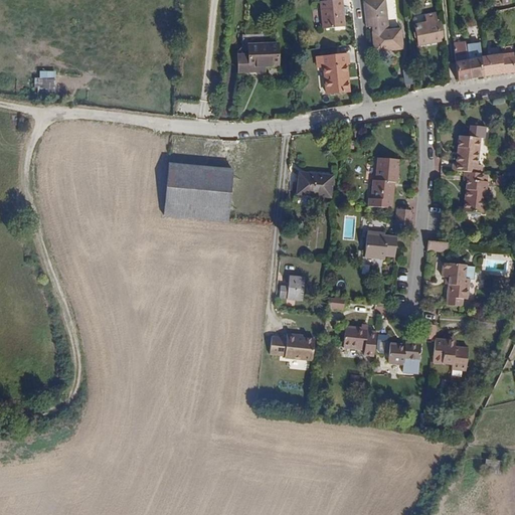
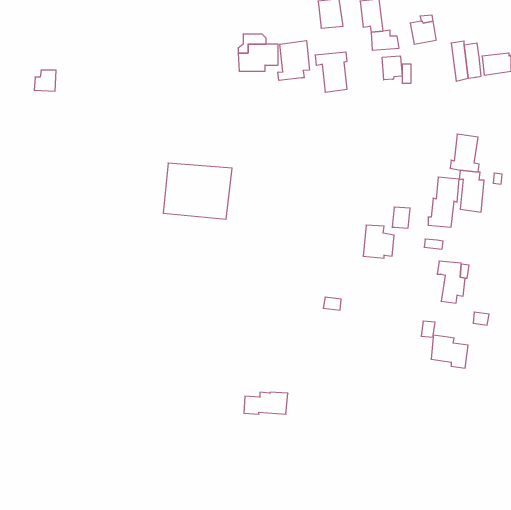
building: none -> [278,41,309,80]
building: none -> [382,56,402,80]
building: [368,157,399,207] -> [428,177,459,227]
building: [297,173,333,197] -> none
building: [279,277,305,300] -> none
building: [343,325,375,356] -> none
building: [271,332,315,354] -> [244,392,288,414]
building: [388,341,420,372] -> none

